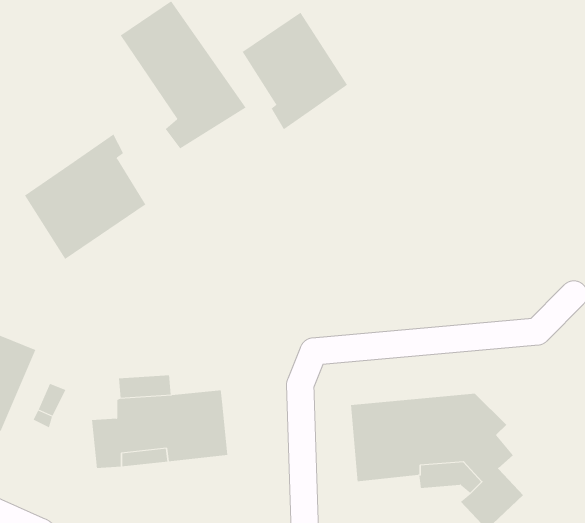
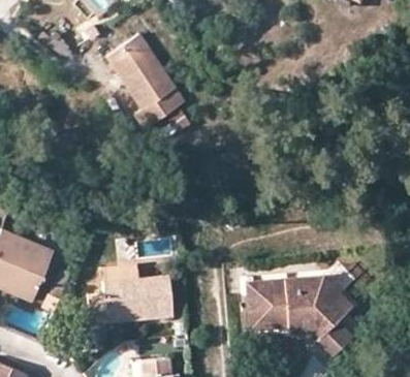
building: [242,12,348,130] -> none
building: [24,133,146,260] -> none

